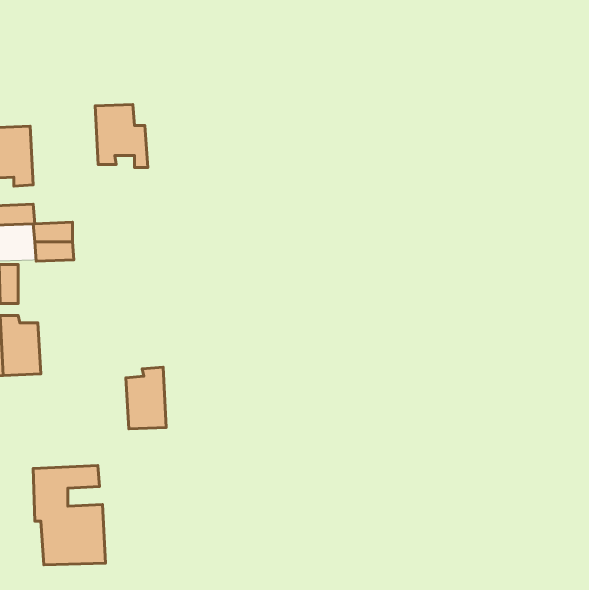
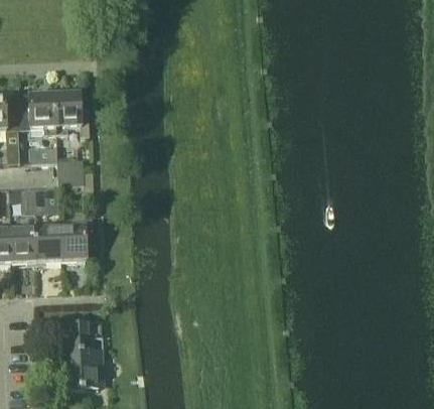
building: [95,104,148,167] -> [53,93,89,135]
building: [126,367,166,429] -> [58,219,86,260]

